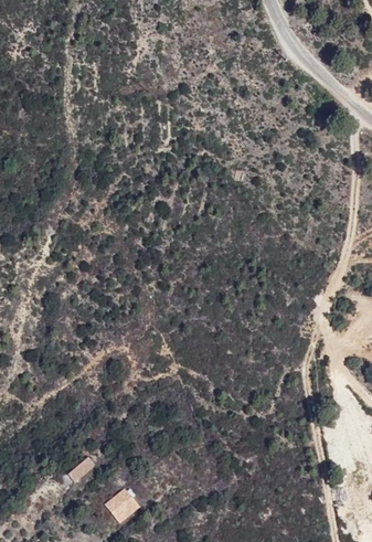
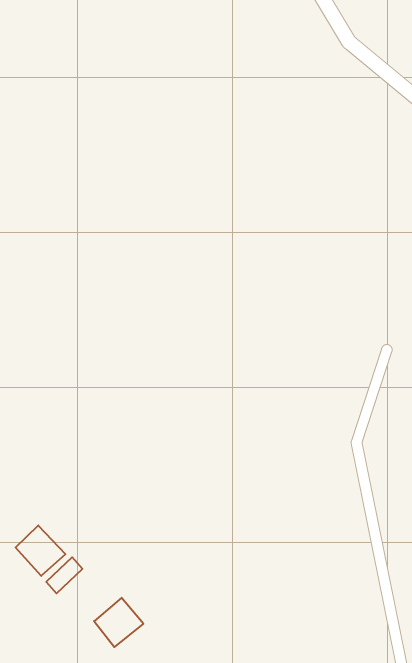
building: none -> [16,525,65,576]

